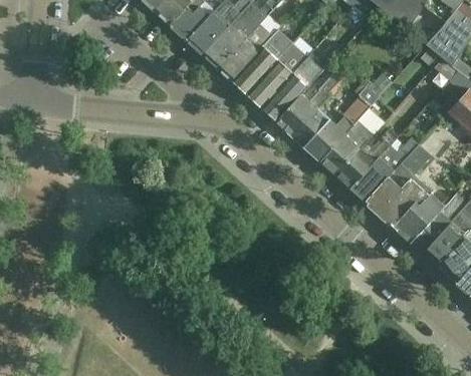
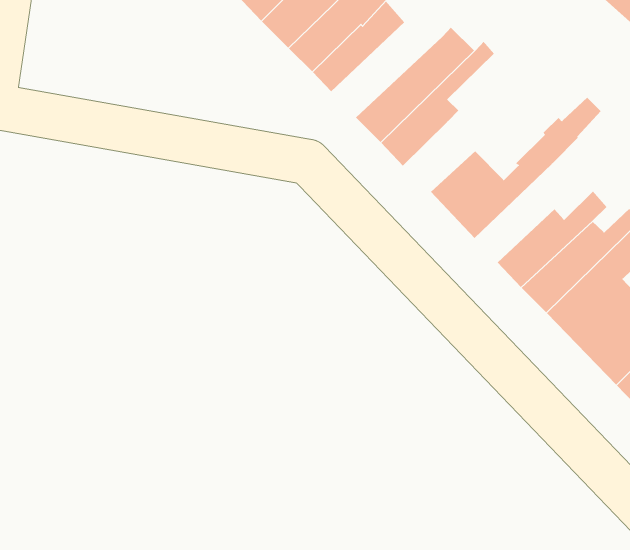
building: [231,28,294,93] -> none
building: [276,73,342,134] -> none
building: [321,113,381,173] -> none

